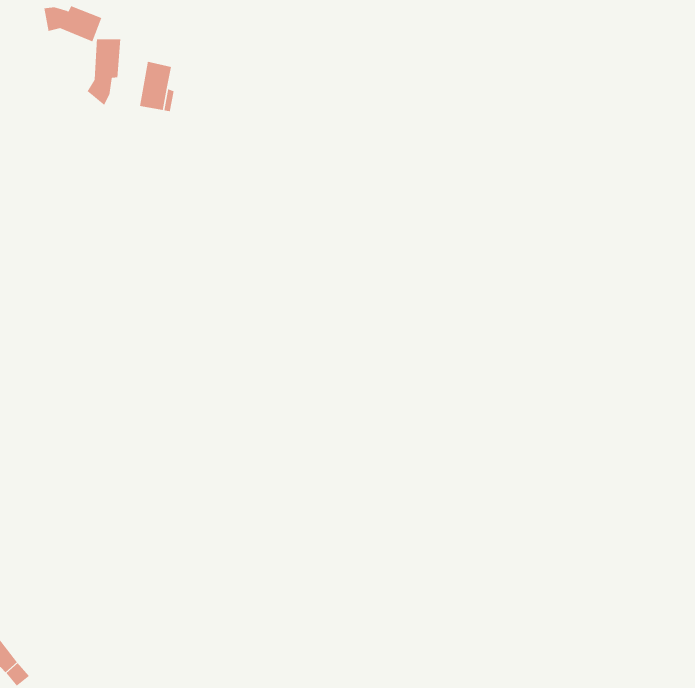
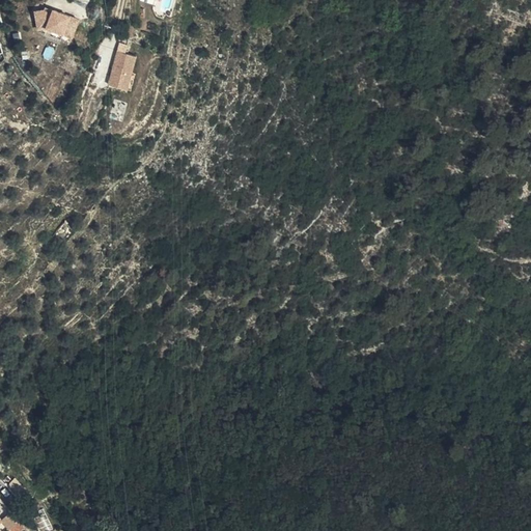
building: [87,39,121,106] -> none

